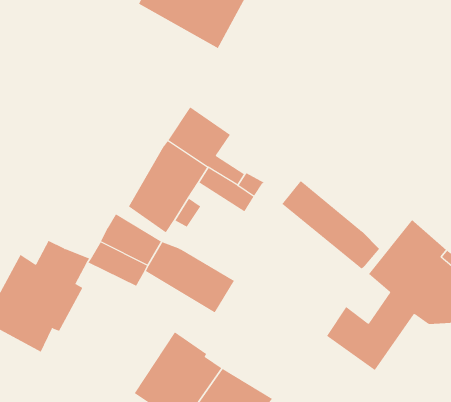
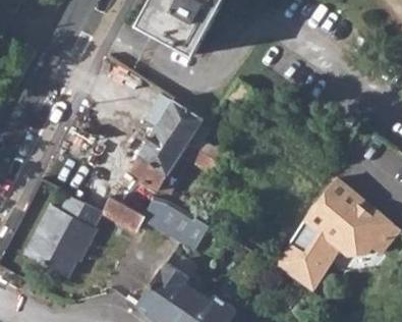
building: [281,180,380,270] -> none

